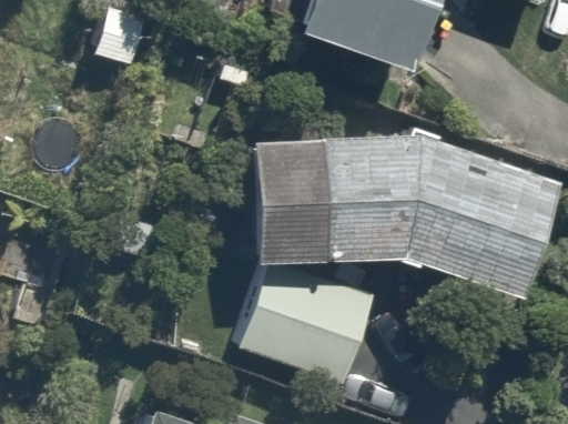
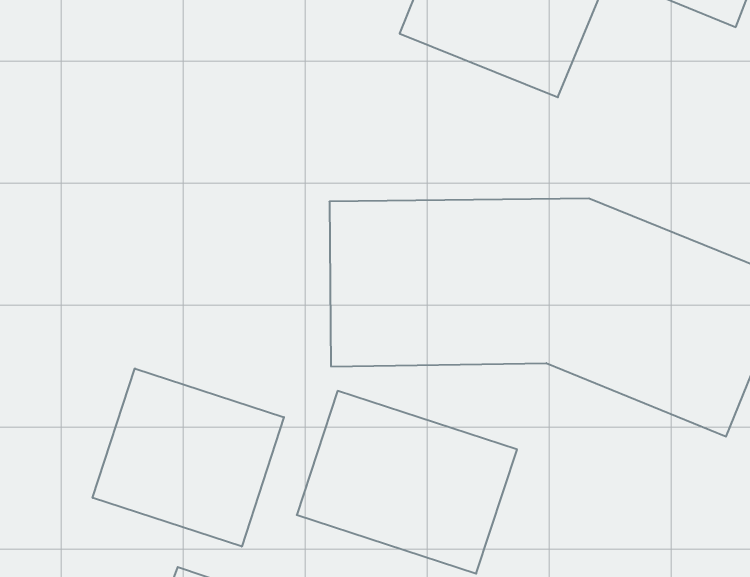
building: none -> [93,368,284,547]

